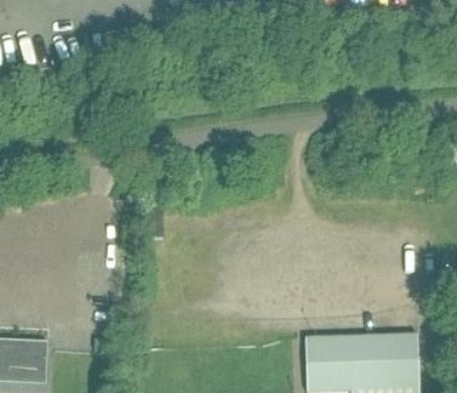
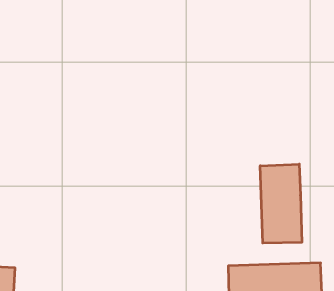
building: none -> [260,164,302,243]

